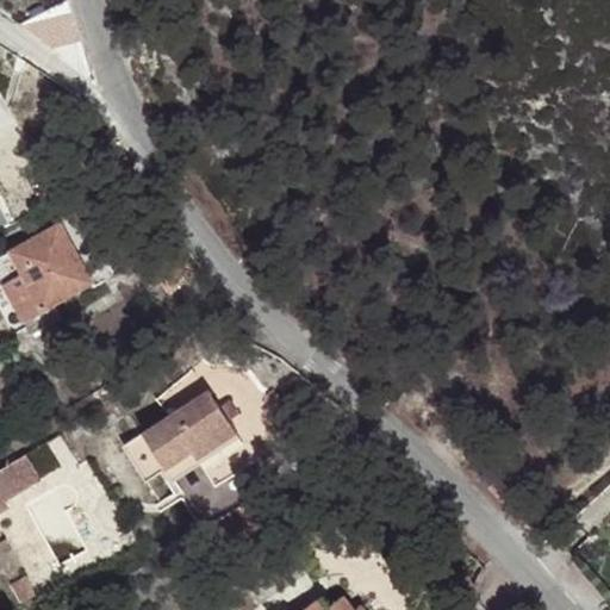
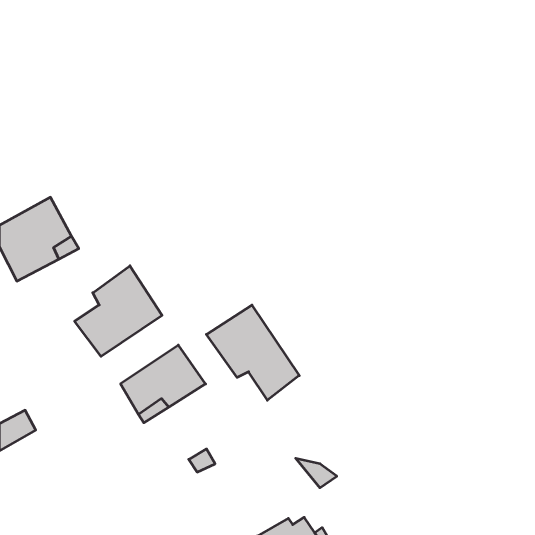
building: none -> [75,266,162,356]
building: none -> [206,305,299,400]

